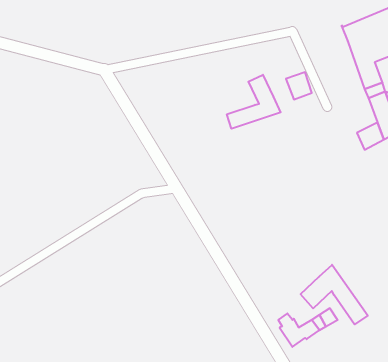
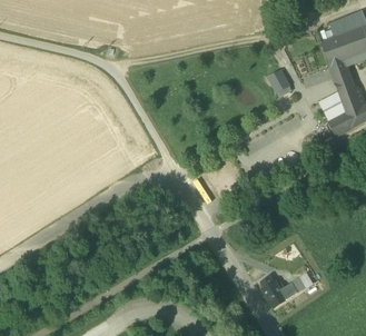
building: [227,75,281,129] -> none
building: [301,265,368,324] -> none

